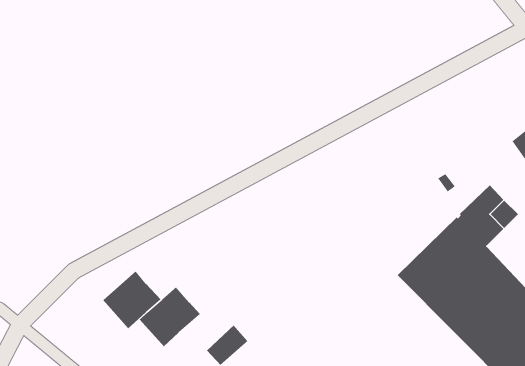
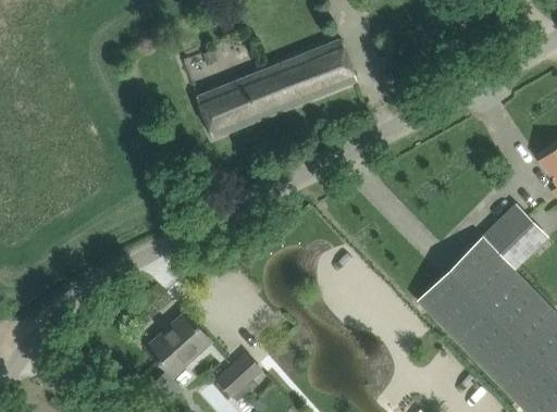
building: none -> [197,40,357,138]
building: [102,271,162,329] -> none

